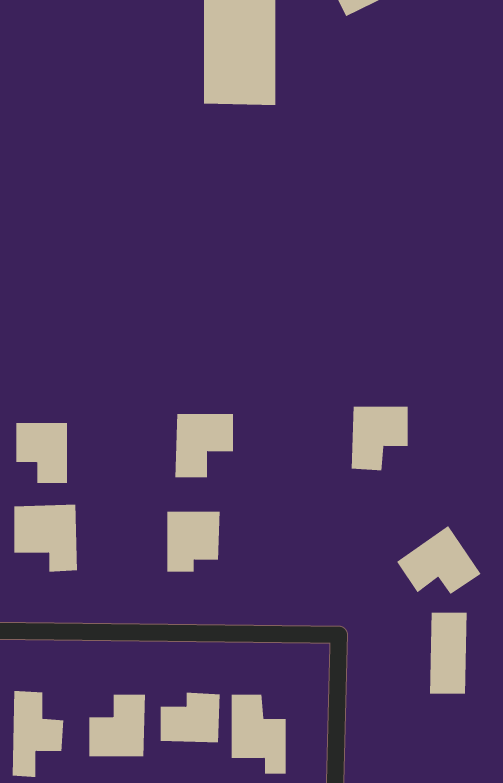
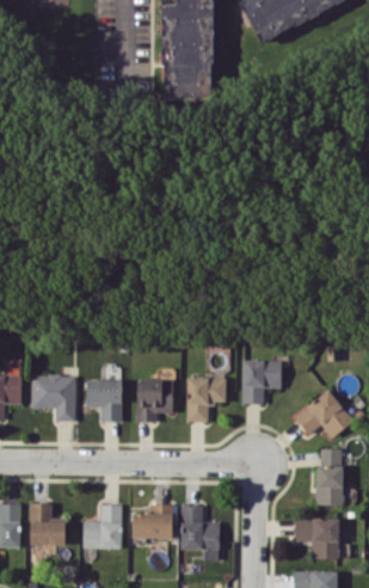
building: [351,406,408,471] -> [241,361,281,405]
building: [175,413,234,478] -> [185,378,226,422]
building: [16,422,68,483] -> [86,380,122,422]
building: none -> [295,517,338,559]

